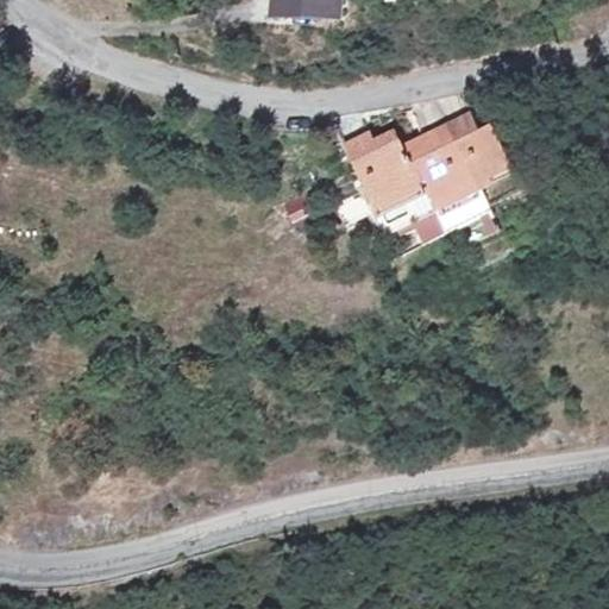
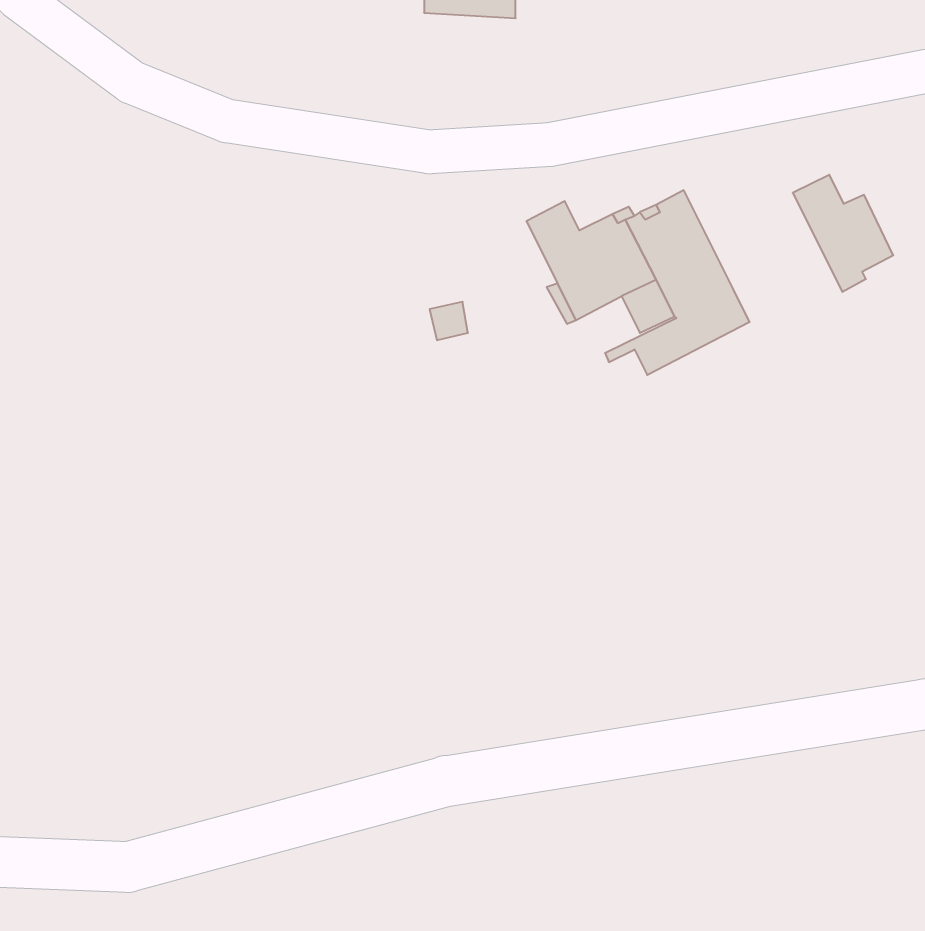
building: [445,112,510,188] -> [793,175,893,292]

